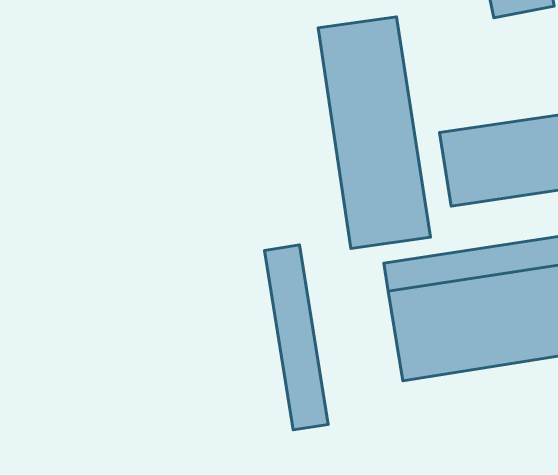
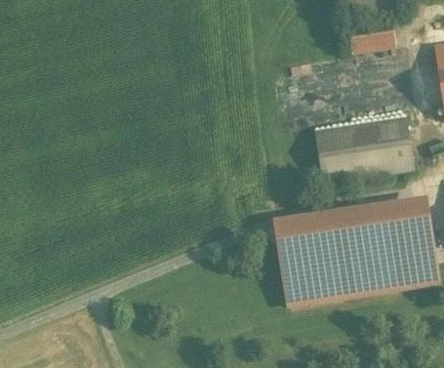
building: [318,17,430,249] -> none
building: [265,245,328,430] -> none

